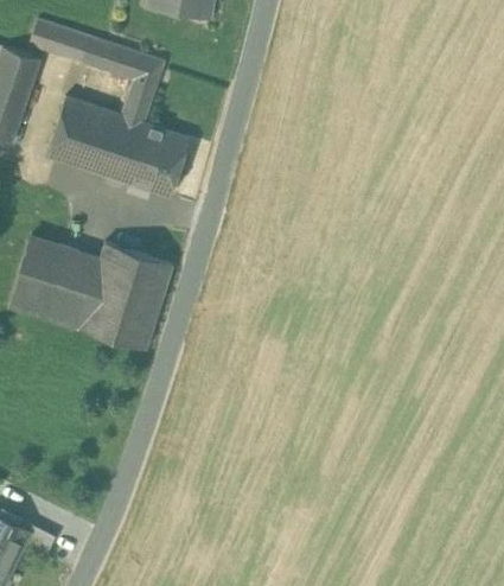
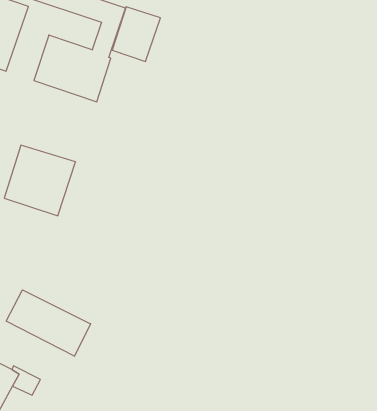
building: [128,126,190,196] -> [112,7,160,61]
building: [78,243,173,349] -> none
building: none -> [6,290,91,356]

